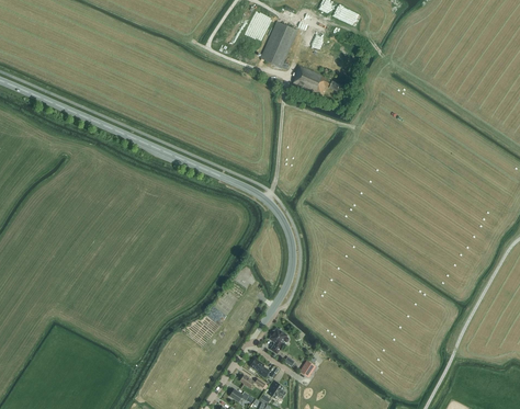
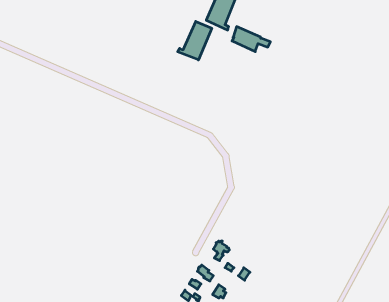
building: none -> [178,21,212,60]

